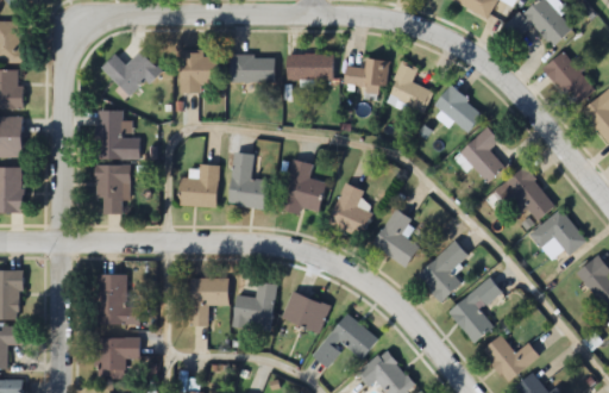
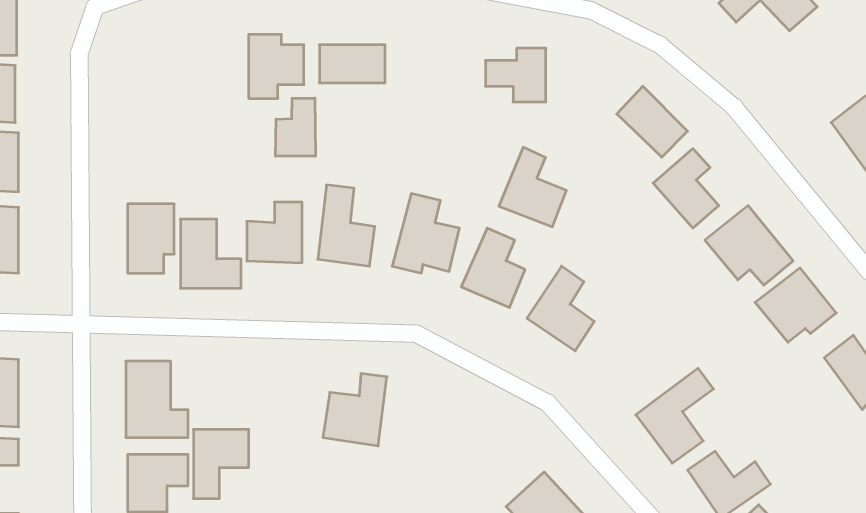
building: [101,50,159,98] -> none
building: [542,51,595,106] -> none
building: [287,54,333,80] -> none
building: [385,61,432,116] -> [499,147,566,227]
building: none -> [276,98,315,156]
building: [98,111,139,158] -> [180,219,241,288]
building: [416,242,467,302] -> none
building: [190,279,228,326] -> [193,429,249,499]
building: [282,291,332,335] -> none
building: [313,313,378,368] -> none

